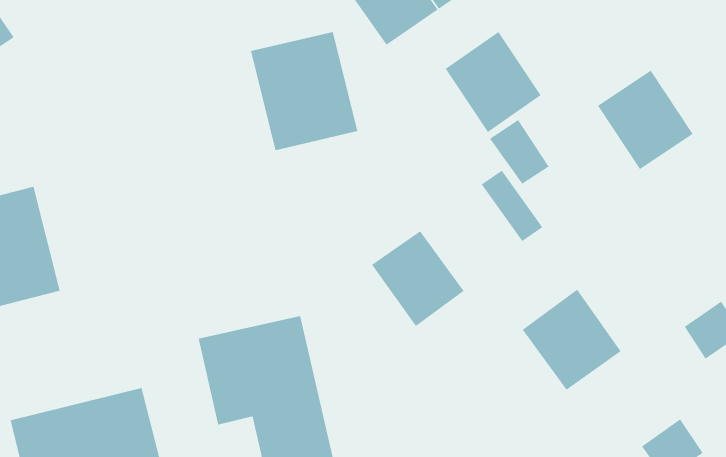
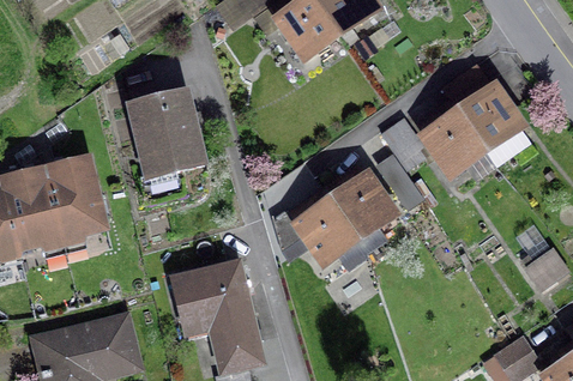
building: [445,31,542,133] -> [417,107,488,181]
building: [250,31,358,151] -> [128,89,207,176]
building: none -> [44,155,107,242]
building: [522,289,622,390] -> [327,168,400,242]

